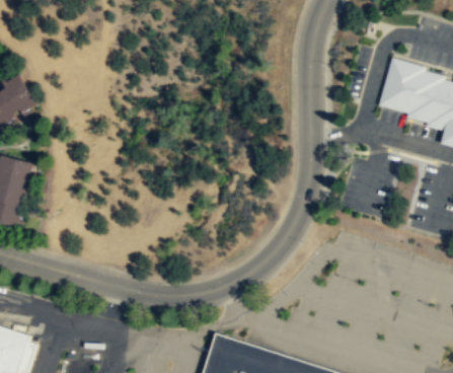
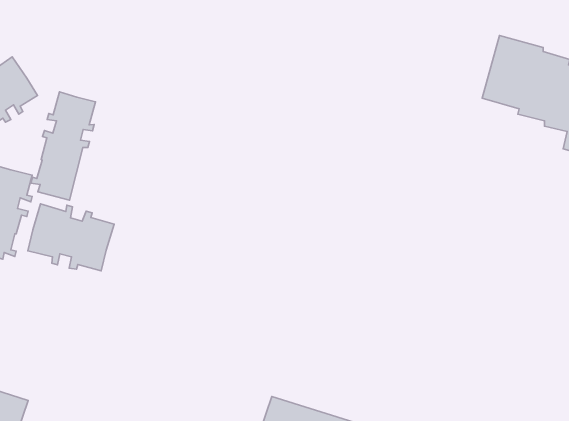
building: none -> [31,92,96,200]
building: none -> [28,204,114,271]

